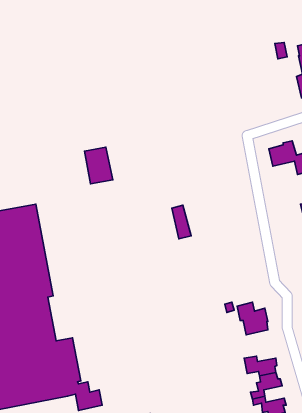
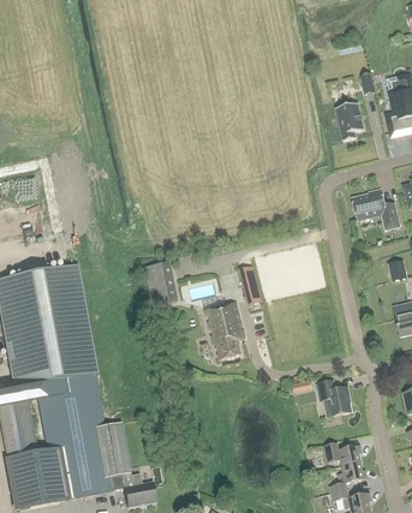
building: none -> [335,102,364,139]
building: [84,147,113,184] -> [144,261,178,304]
building: none -> [205,302,245,358]

